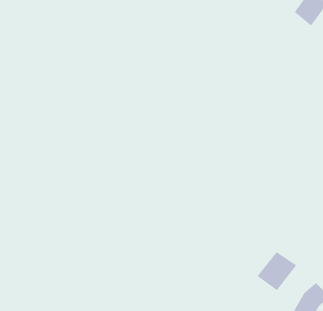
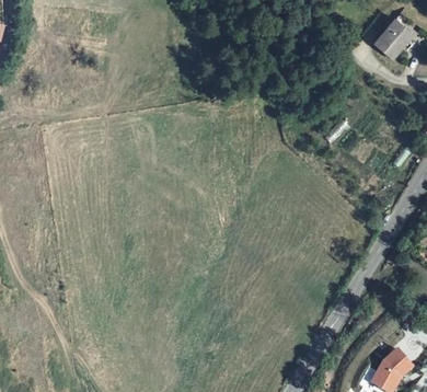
building: [256,251,297,291] -> none

